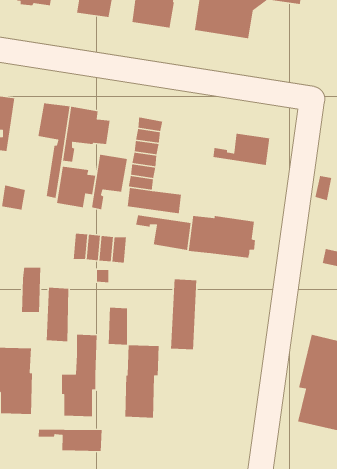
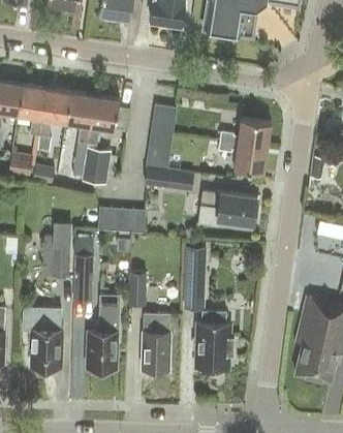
building: [91,154,128,210] -> [39,88,71,137]
building: [135,214,191,251] -> [218,141,268,173]
building: none -> [195,311,233,371]
building: [38,429,102,452] -> none

